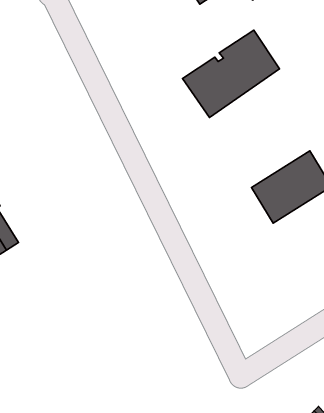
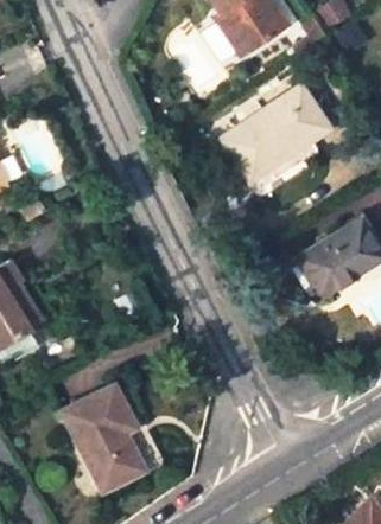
building: none -> [64,385,142,490]

